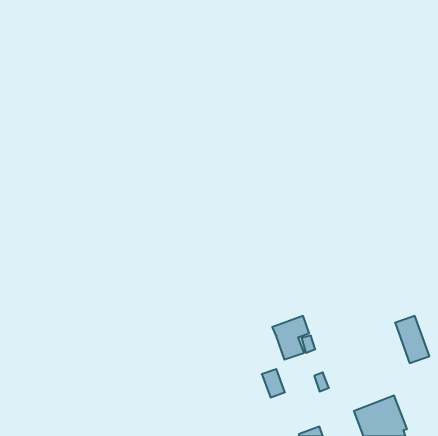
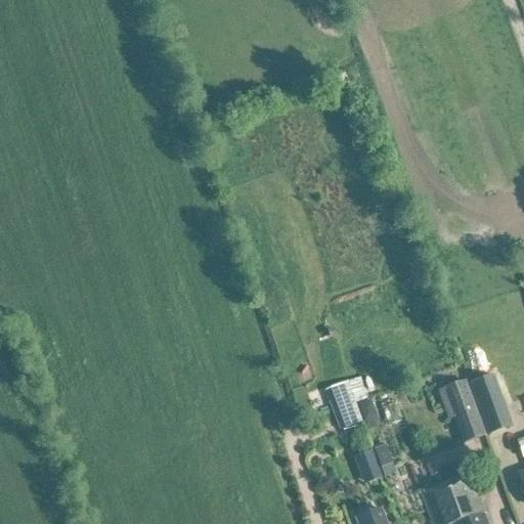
building: none -> [441,380,486,442]
building: [262,369,285,397] -> [355,450,383,484]

